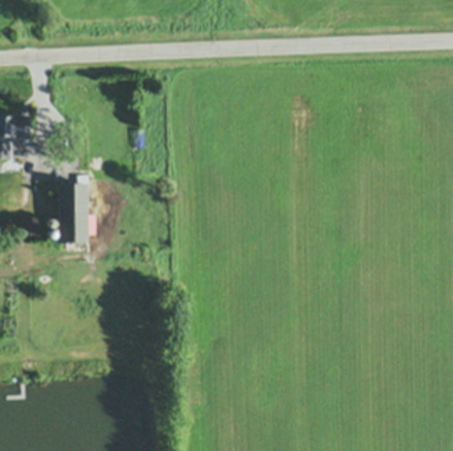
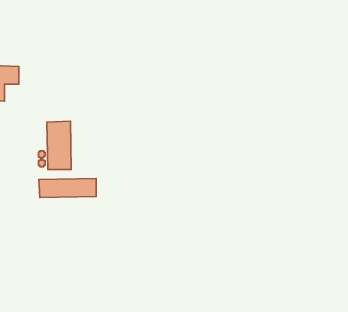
building: none -> [39,178,96,198]

